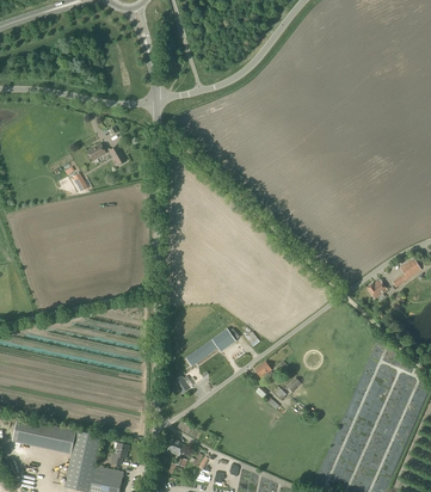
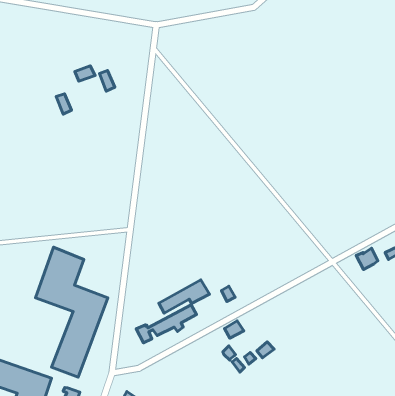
building: none -> [35,247,108,377]

